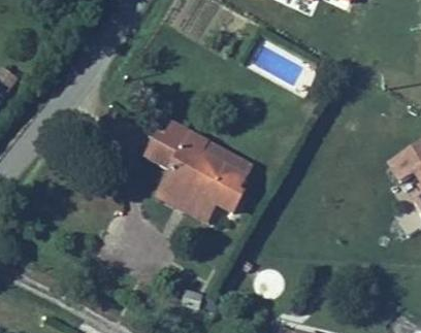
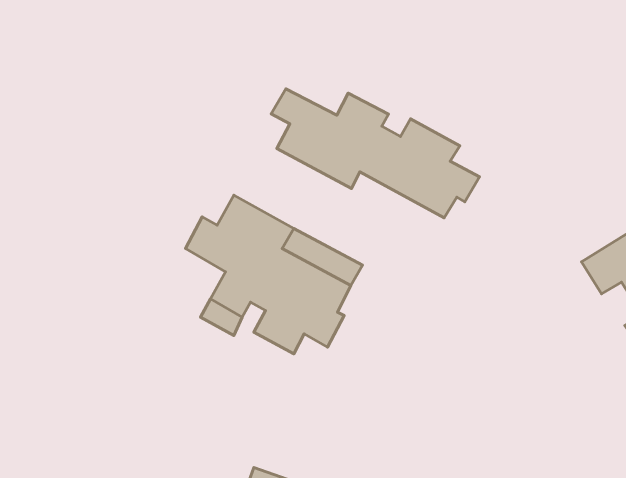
building: none -> [271,89,480,218]

